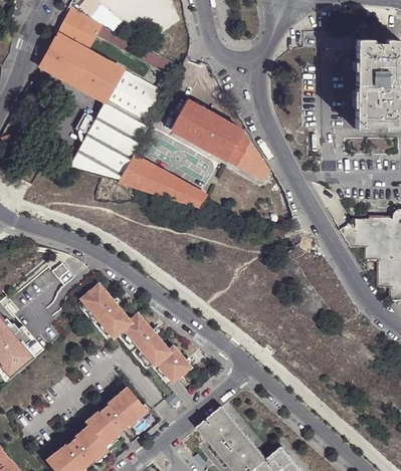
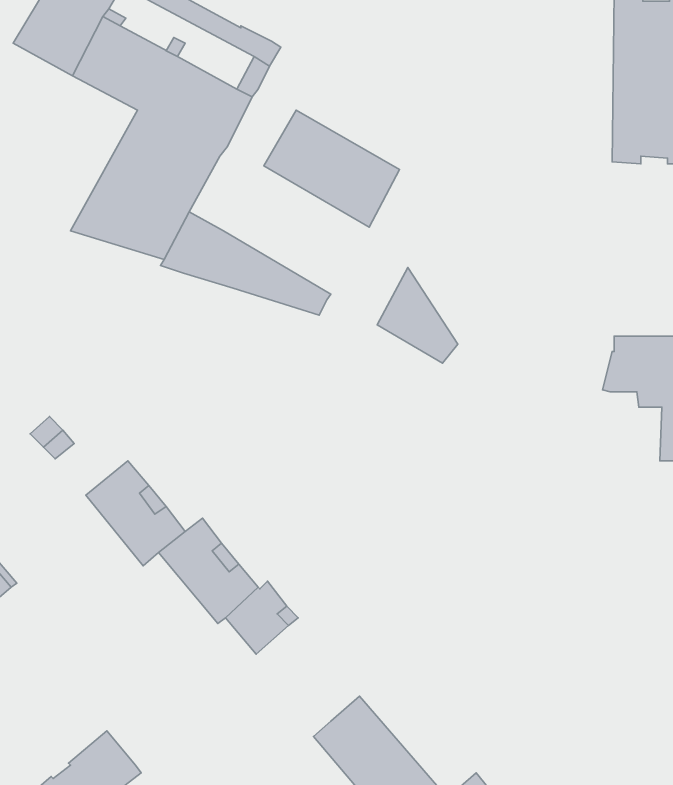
building: [226,131,268,181] -> [377,267,458,363]
building: [85,388,146,443] -> none

